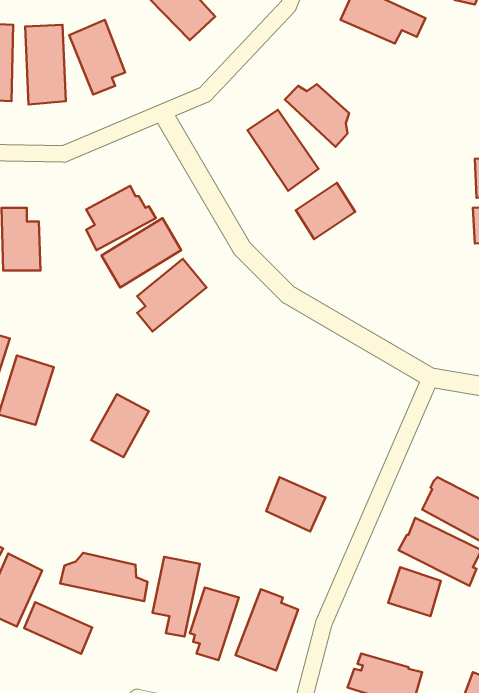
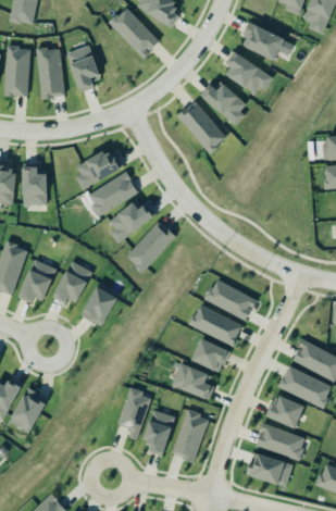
building: none -> [227,53,271,96]
building: [296,183,355,239] -> none
building: none -> [125,221,175,273]
building: none -> [51,261,91,302]
building: none -> [202,278,256,319]
building: none -> [188,304,242,346]
building: none -> [171,362,212,398]
building: [60,553,148,601] -> none
building: [24,602,92,654] -> none
building: none -> [256,424,306,460]

